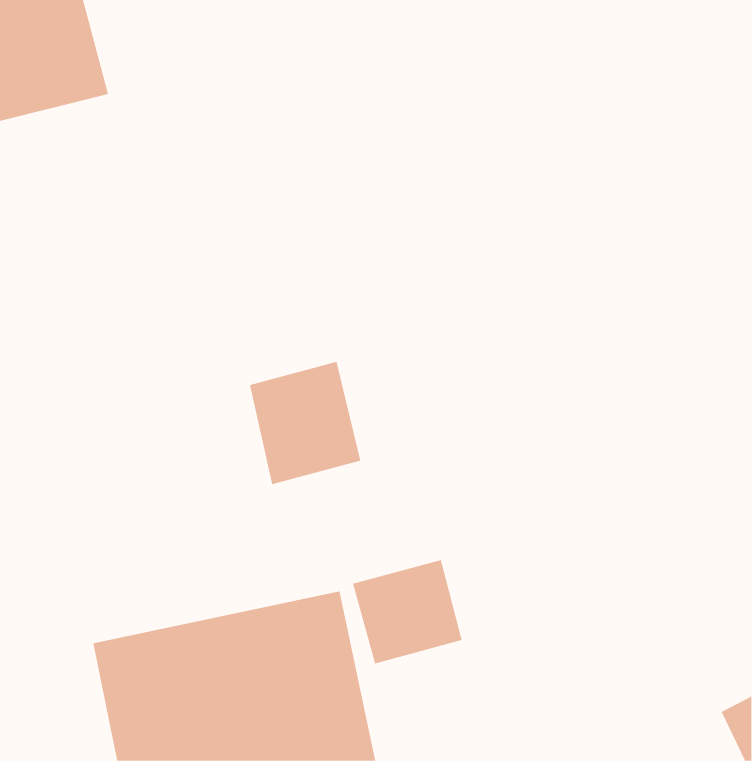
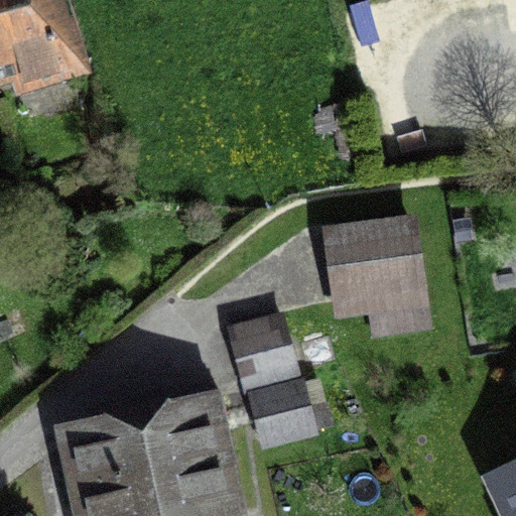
building: none -> [324,220,440,343]
building: [249,361,361,485] -> [223,310,298,394]

